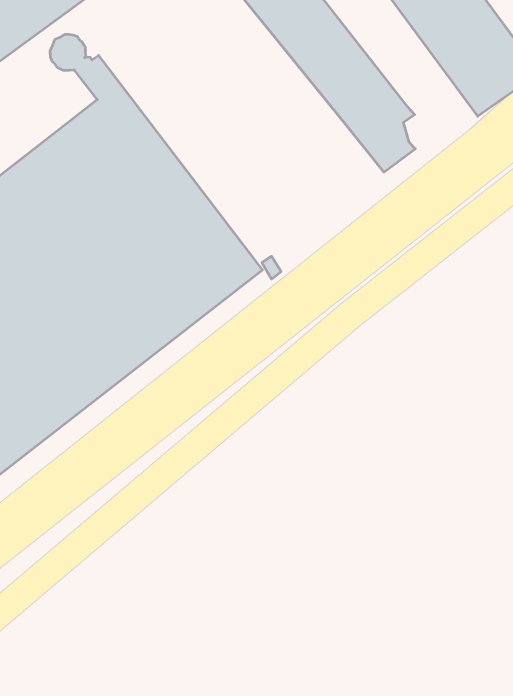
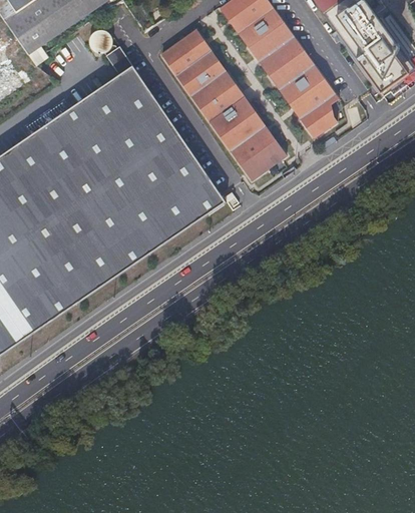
building: none -> [159,25,294,192]

